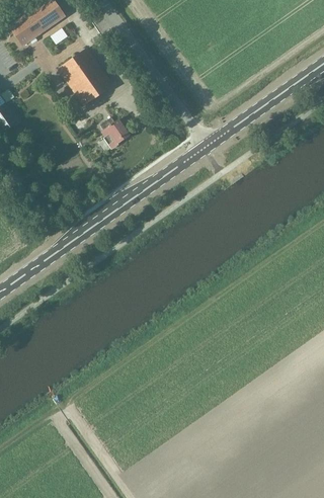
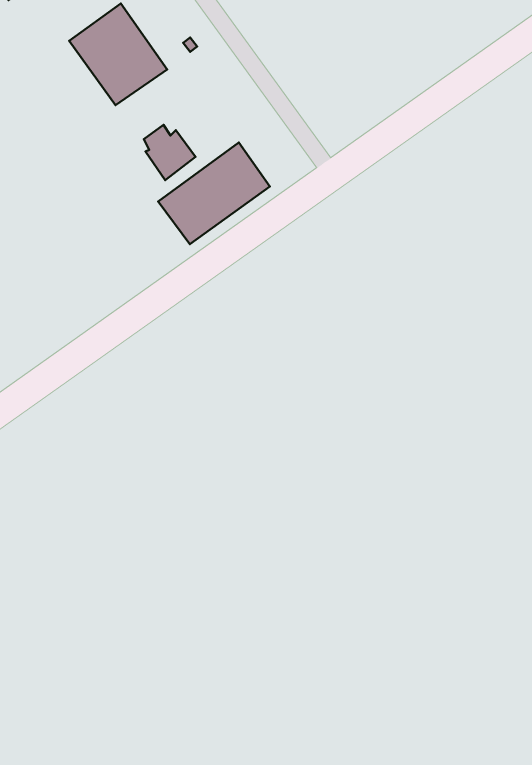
building: none -> [158,142,270,244]

